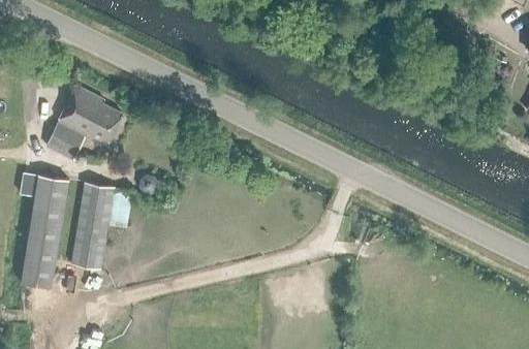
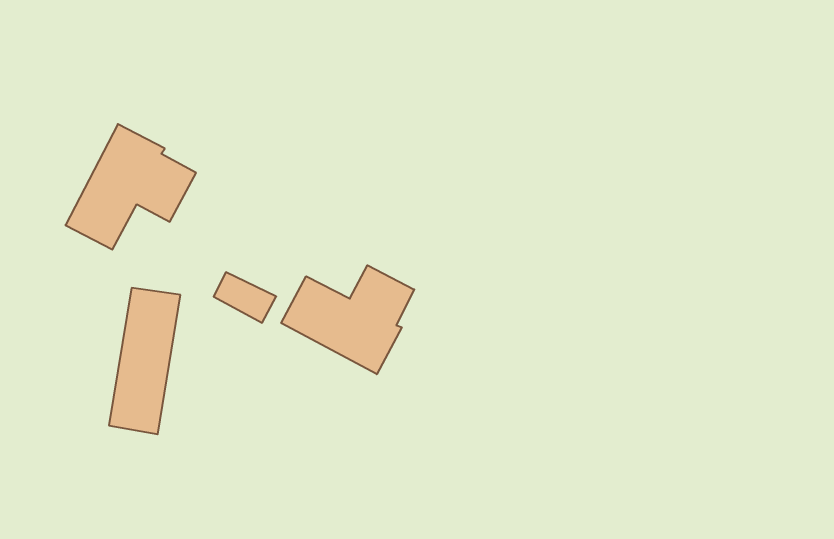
building: none -> [281,265,414,374]
building: [21,172,68,288] -> none

